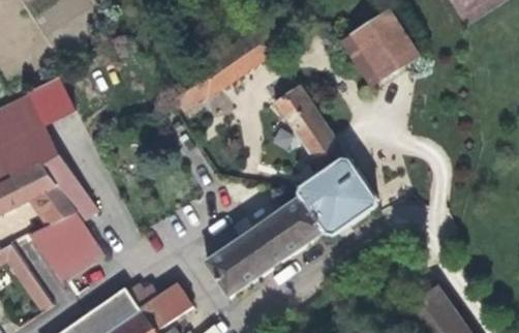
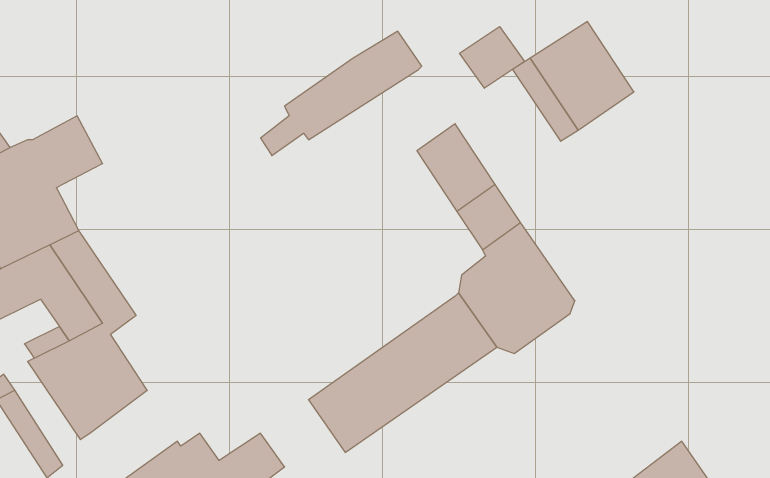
building: none -> [460,27,524,88]

